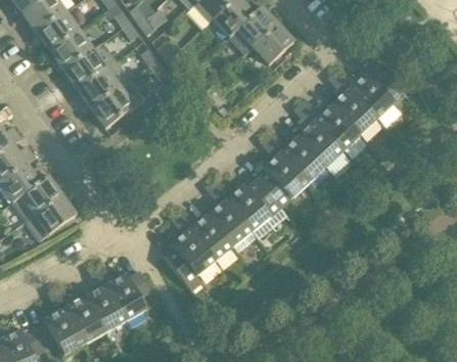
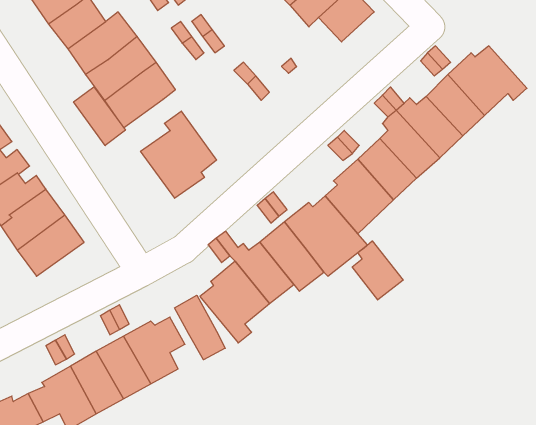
building: none -> [74,87,125,146]
building: none -> [141,111,217,198]
building: none -> [352,241,403,300]
building: none -> [175,295,225,360]

